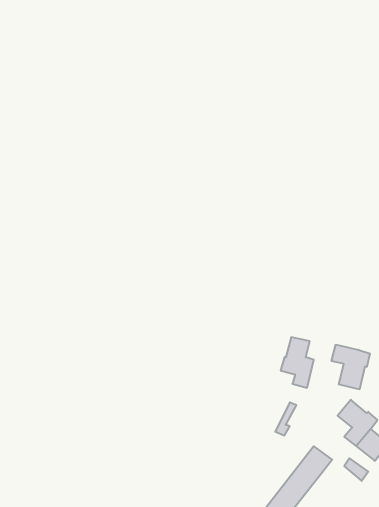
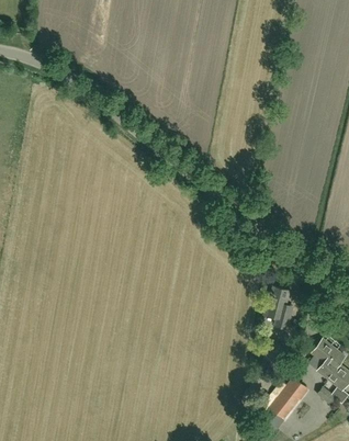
building: [332,345,370,389] -> none

